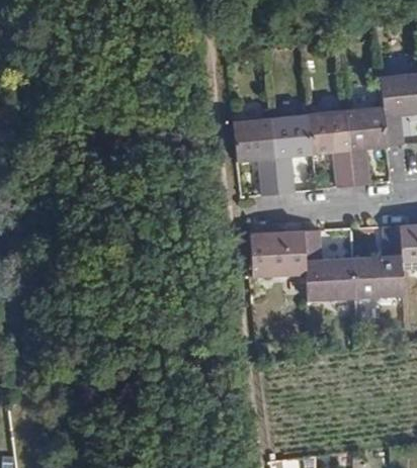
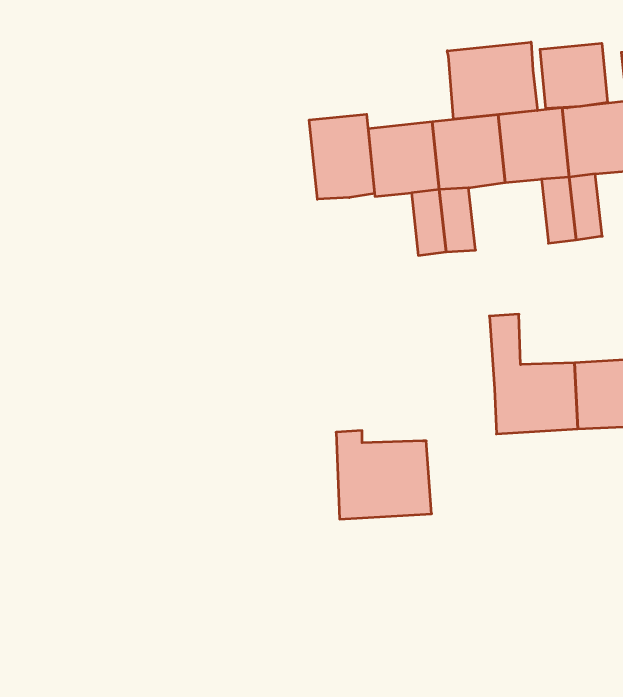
building: none -> [447,42,537,119]
building: none -> [540,43,608,109]
building: none -> [309,114,375,199]
building: [249,225,305,277] -> [336,431,432,519]

